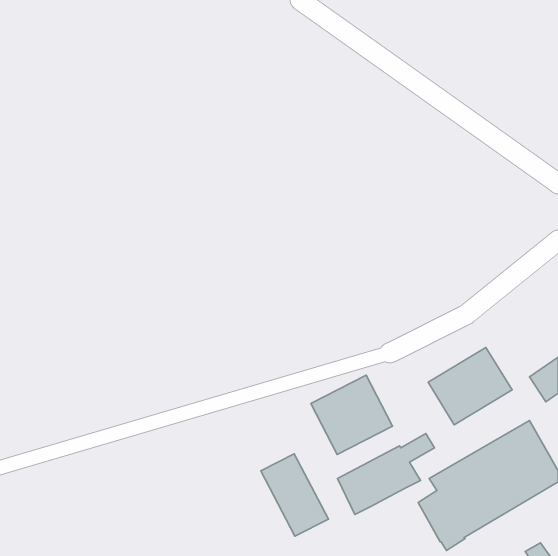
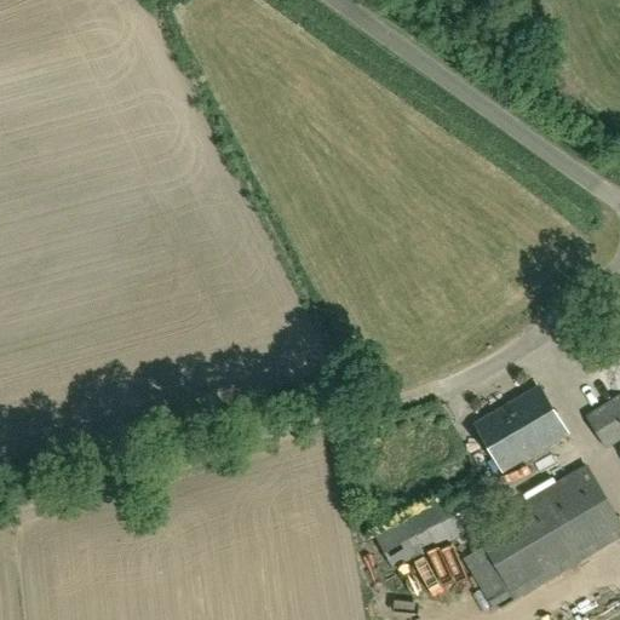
building: [311,375,393,455] -> none
building: [261,454,328,536] -> none

